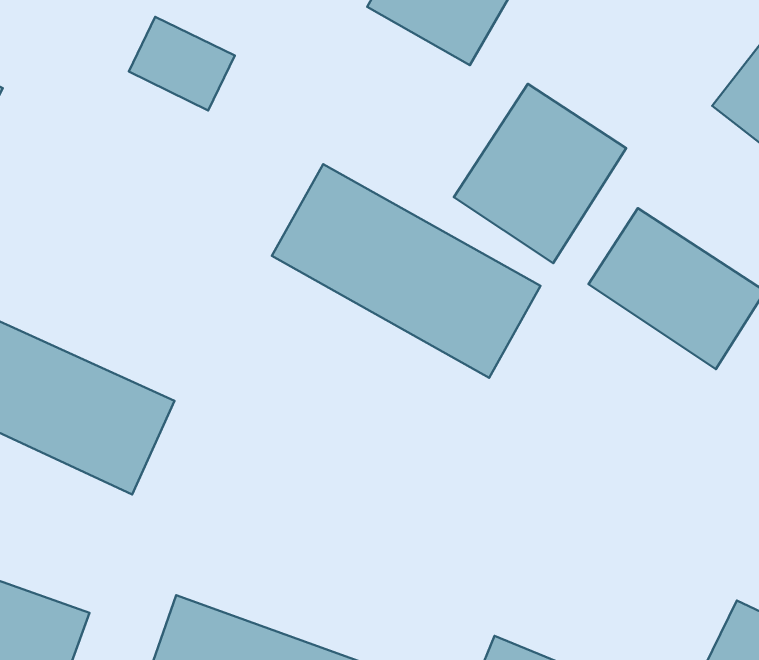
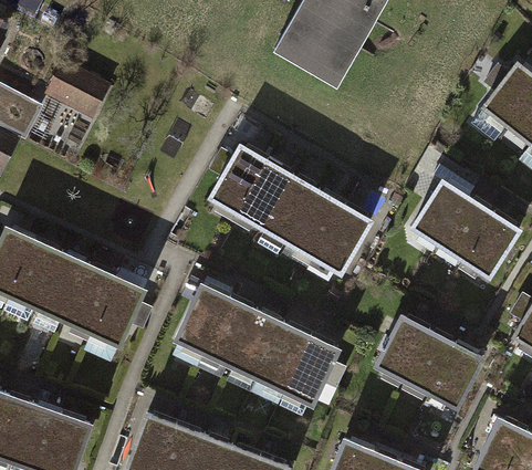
building: [129,17,235,110] -> [44,62,111,121]
building: [454,84,626,263] -> none
building: none -> [174,285,342,408]
building: none -> [369,307,480,401]

